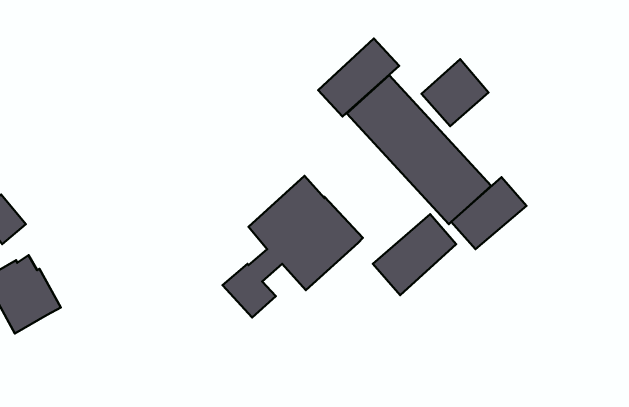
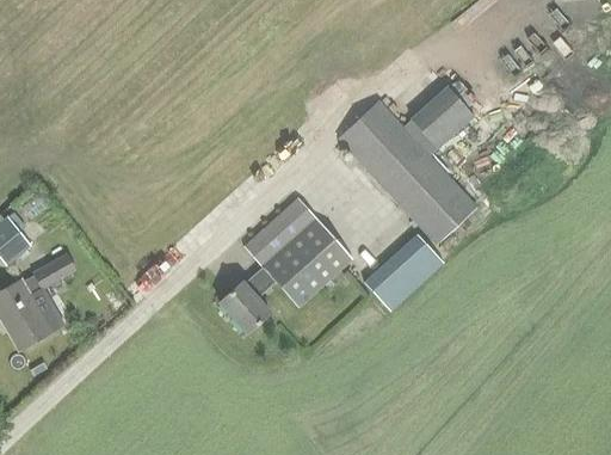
building: [318,38,399,116] -> none
building: [451,177,527,249] -> none
building: none -> [32,252,76,288]

